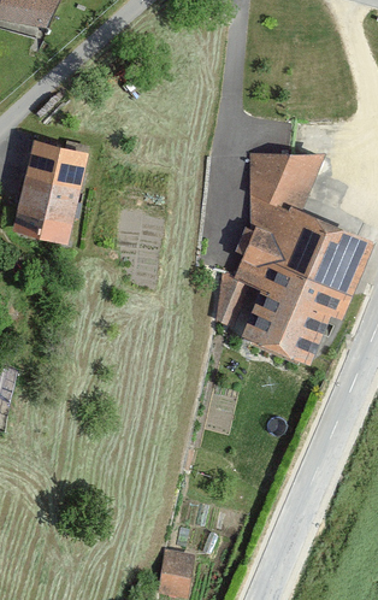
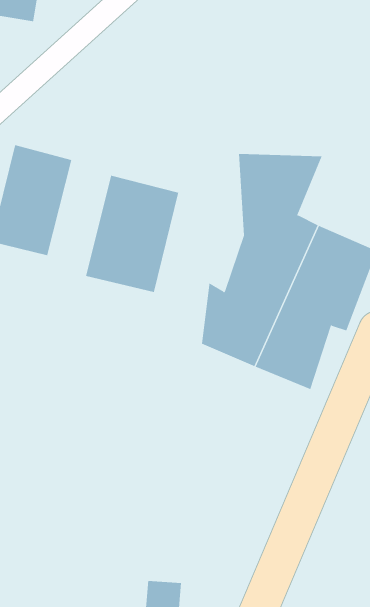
building: none -> [85,175,179,293]

